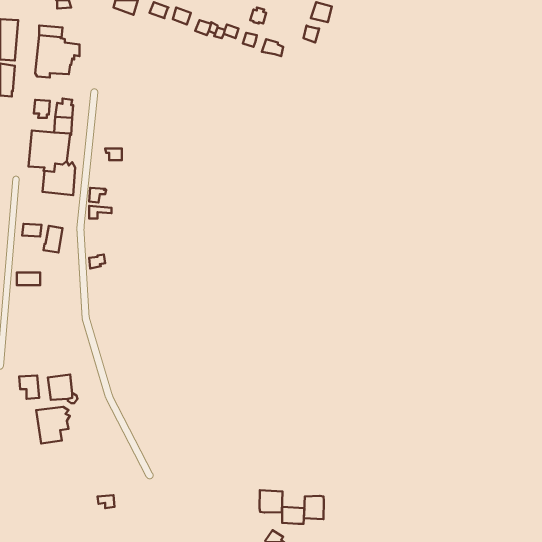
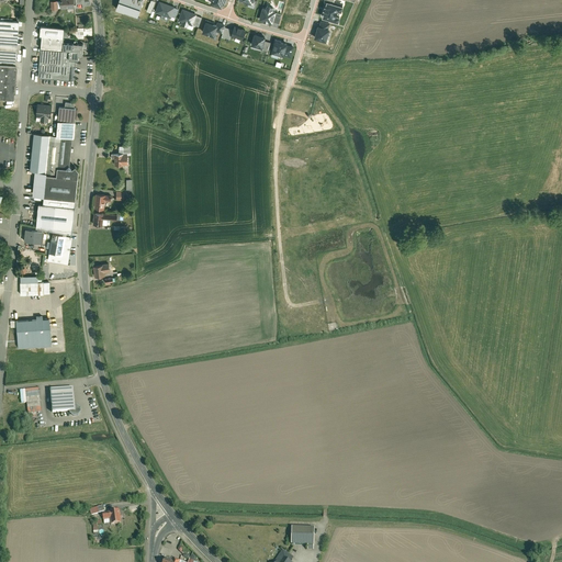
building: none -> [36,199,76,235]
building: none -> [15,316,50,348]
building: [36,407,70,443] -> none
building: [260,490,283,513] -> none
building: [304,496,324,519] -> none

